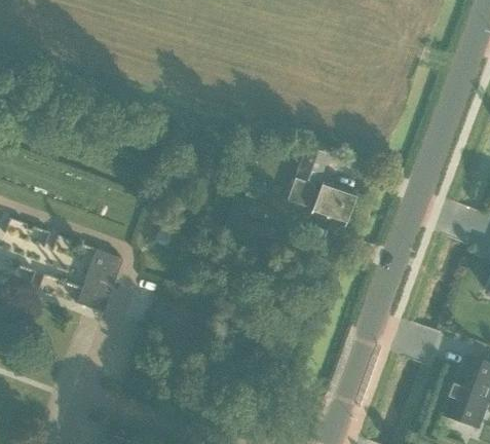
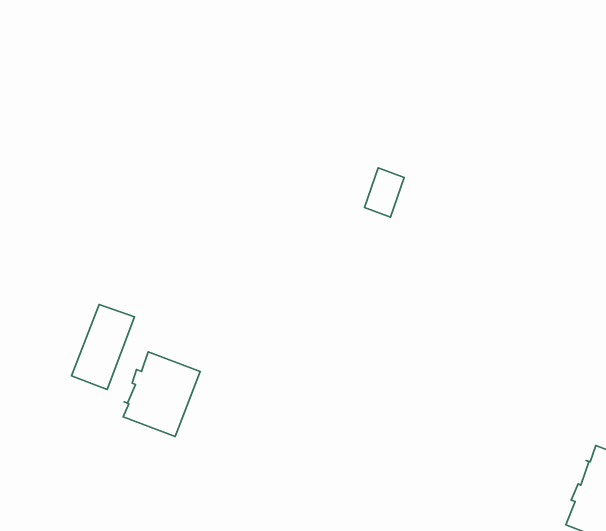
building: [287,180,354,227] -> none
building: none -> [123,352,200,437]

